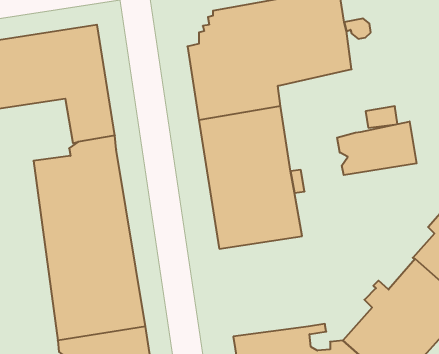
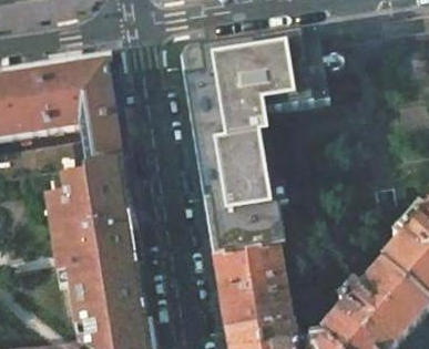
building: [337,121,417,175] -> none
building: none -> [212,242,289,328]

